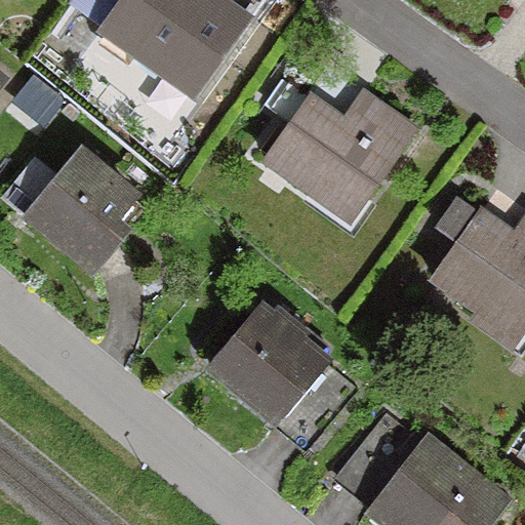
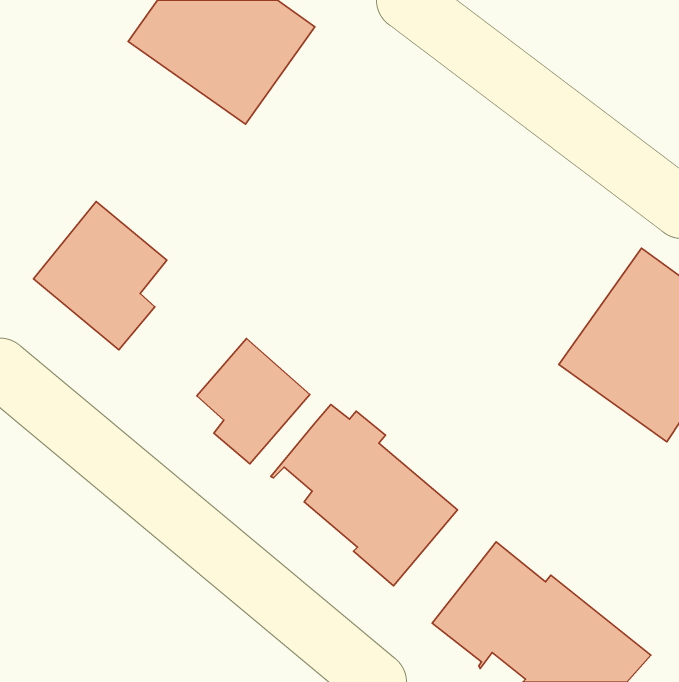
building: [264,73,411,221] -> none
building: none -> [197,339,310,464]

